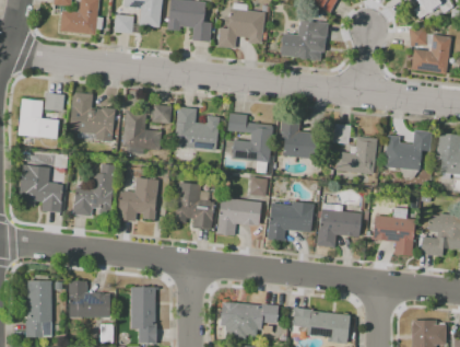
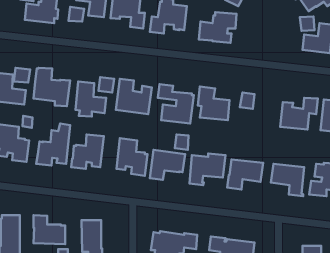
building: [335,136,377,175] -> none

